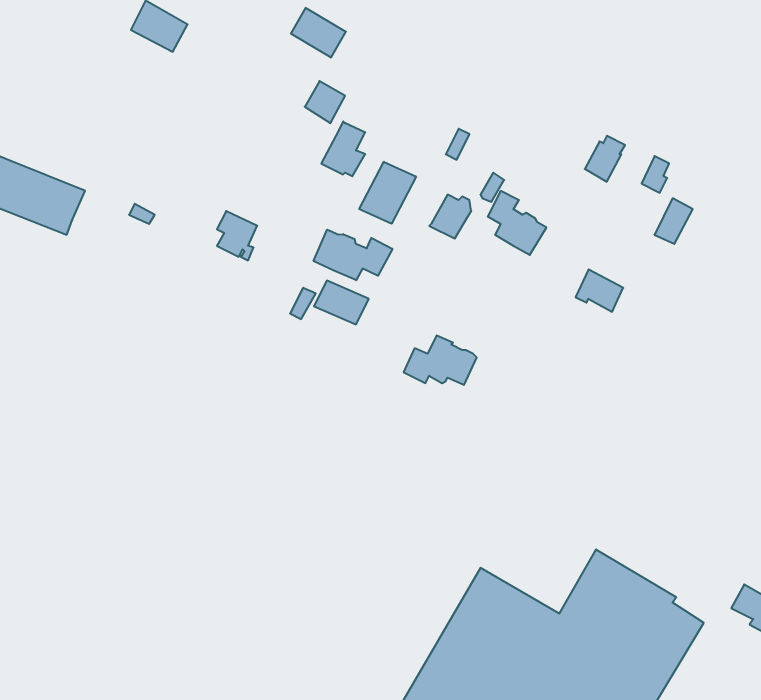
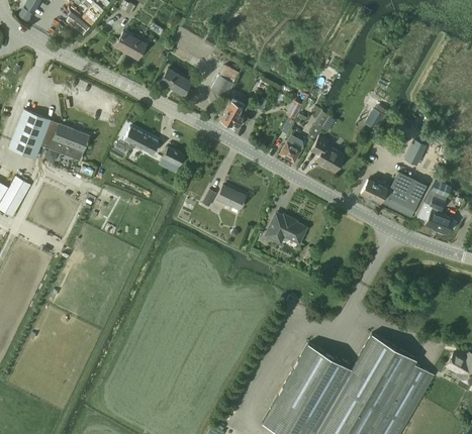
building: [291,8,346,57] -> [160,69,190,96]
building: [359,162,416,224] -> none
building: none -> [123,127,158,154]
building: [314,230,392,280] -> none
building: none -> [382,174,426,219]
building: none -> [416,181,456,235]

